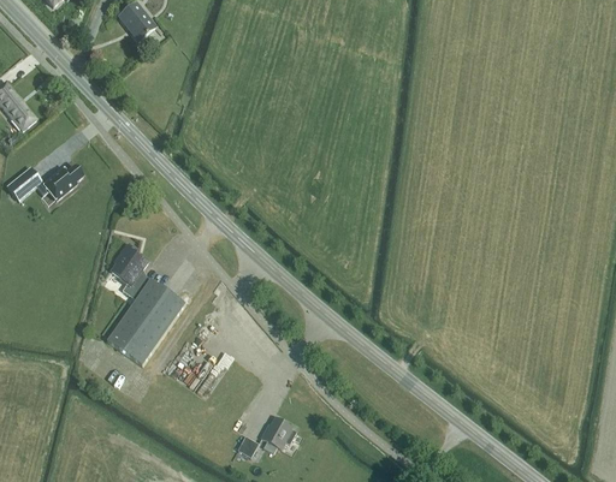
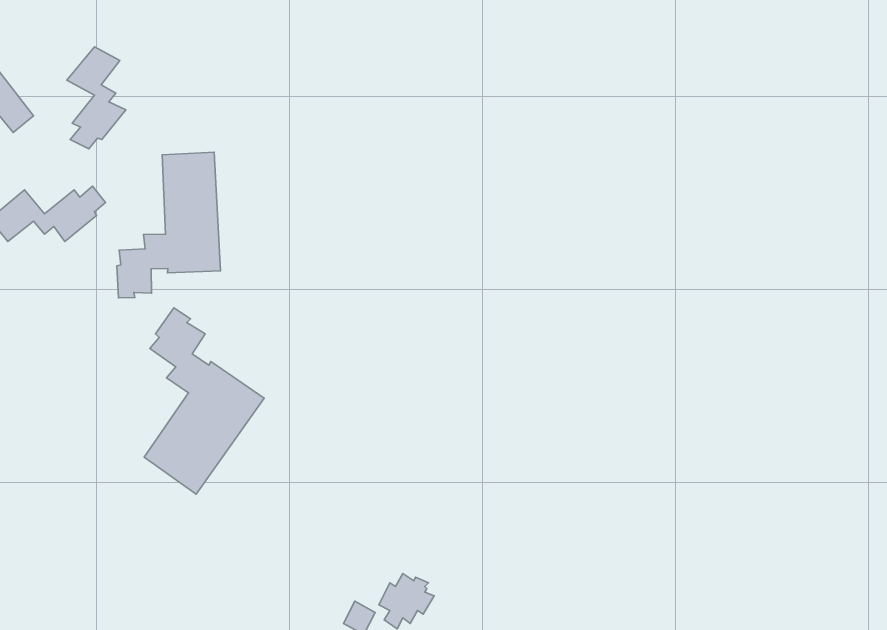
building: none -> [67,47,126,149]
building: none -> [117,152,221,298]

